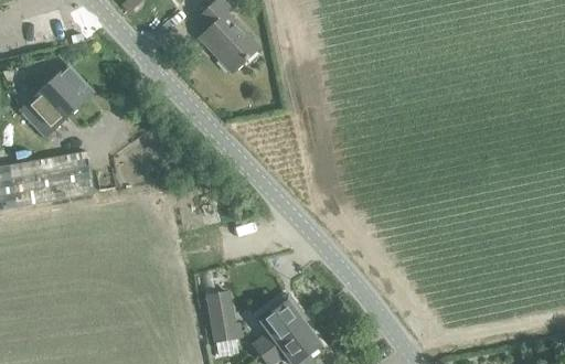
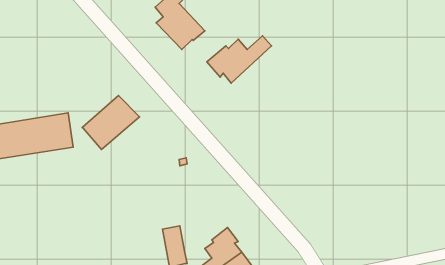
building: none -> [207,36,272,83]
building: [19,67,90,135] -> [82,96,140,149]

